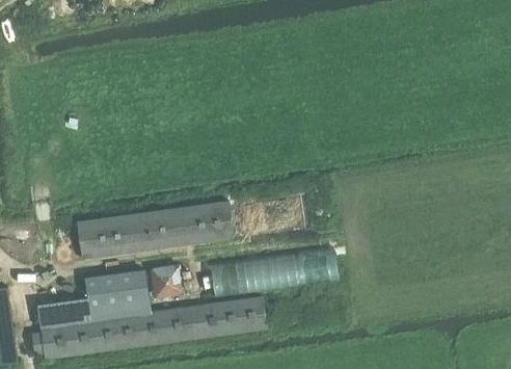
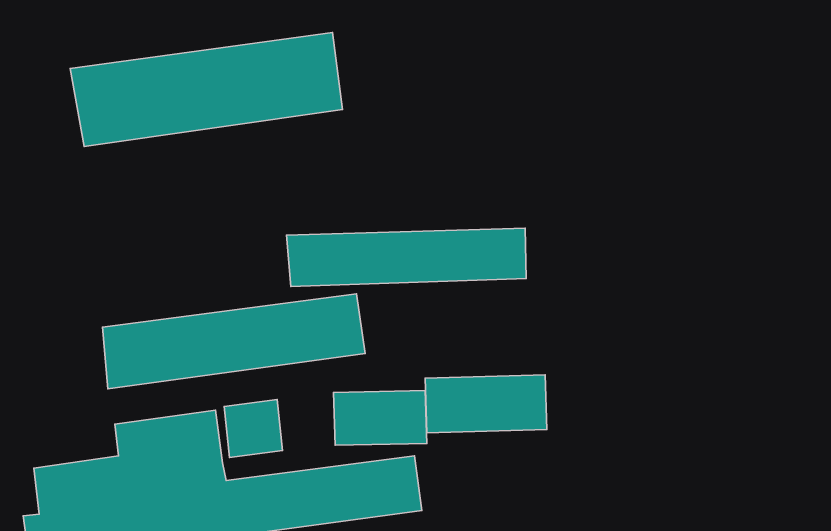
building: none -> [70,32,342,147]
building: none -> [287,228,526,287]

